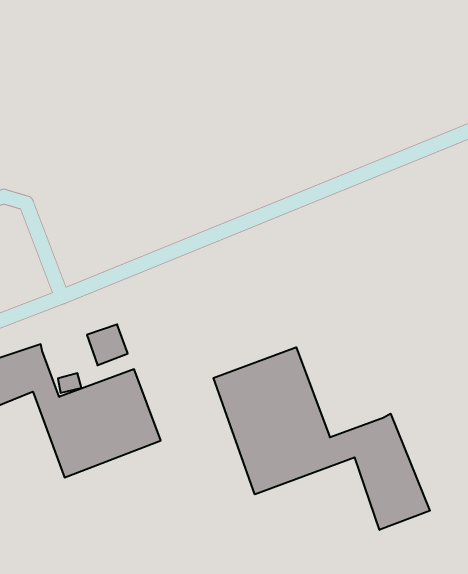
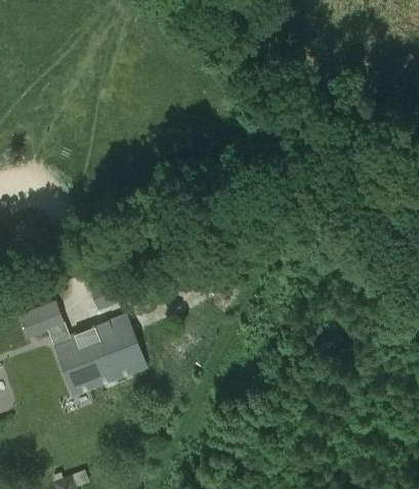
building: [213,347,430,530] -> none

